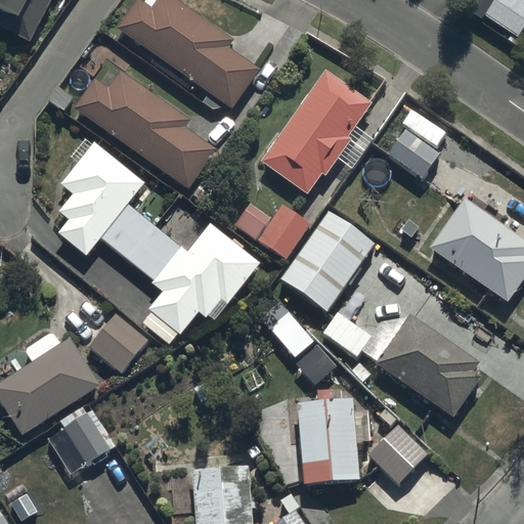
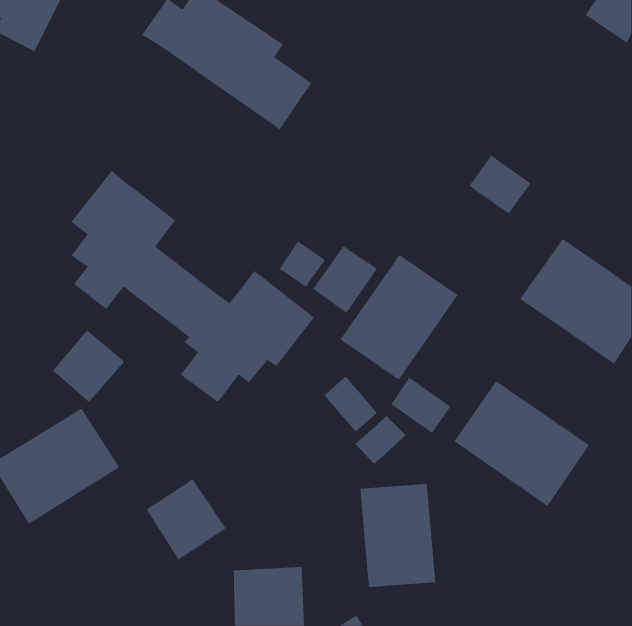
building: [73,68,216,188] -> none
building: [260,69,373,194] -> none
building: [89,312,149,373] -> [52,330,125,403]
building: [44,406,111,474] -> [146,479,227,560]
building: [365,423,429,485] -> none

